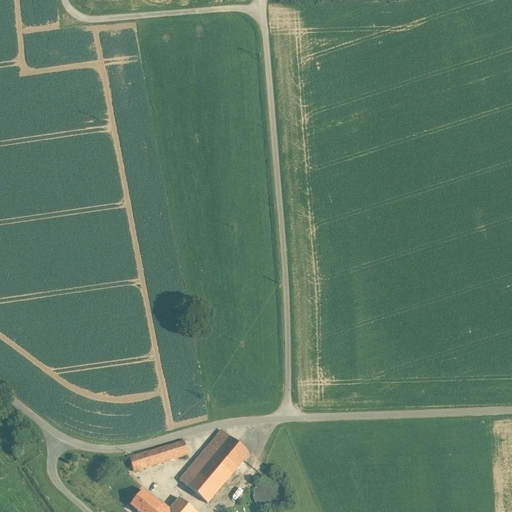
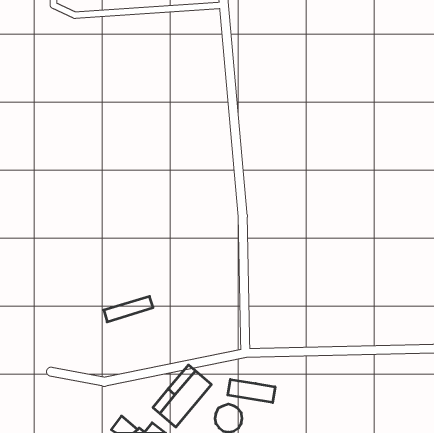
building: [130,440,188,470] -> [104,296,153,322]
building: none -> [228,379,275,403]

